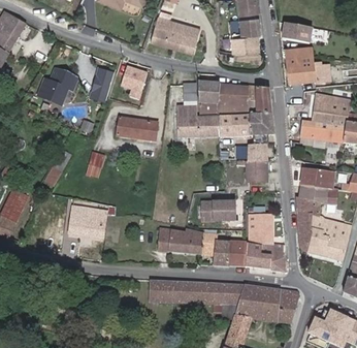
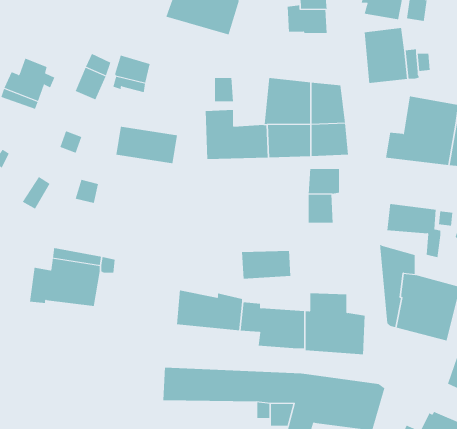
building: [198,72,220,116] -> none
building: [298,187,328,205] -> none
building: [248,214,273,230] -> none

